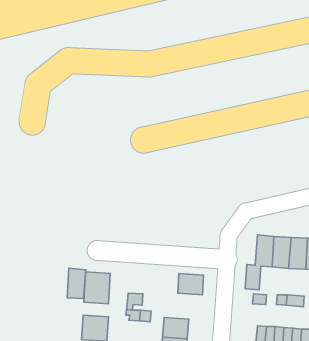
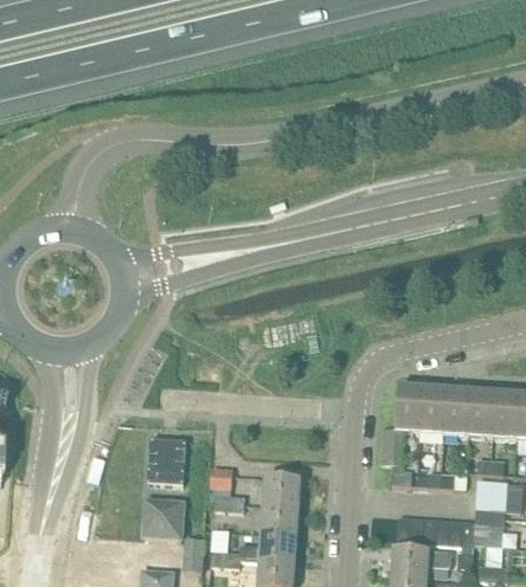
building: [67,268,86,298] -> none
building: [178,274,203,295] -> [264,475,301,505]

